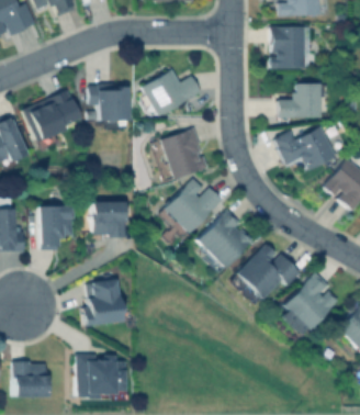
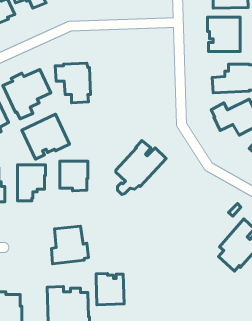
building: [142,69,201,116] -> none
building: [150,128,209,179] -> none
building: none -> [22,114,70,159]
building: [198,210,255,273] -> none
building: [232,243,300,302] -> none
building: none -> [96,274,124,305]

